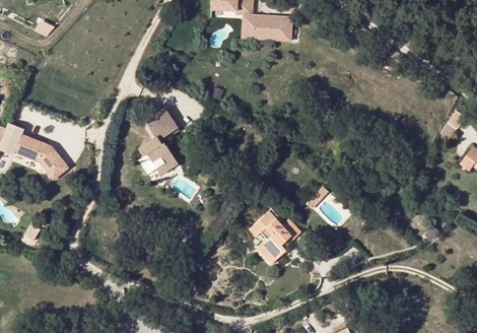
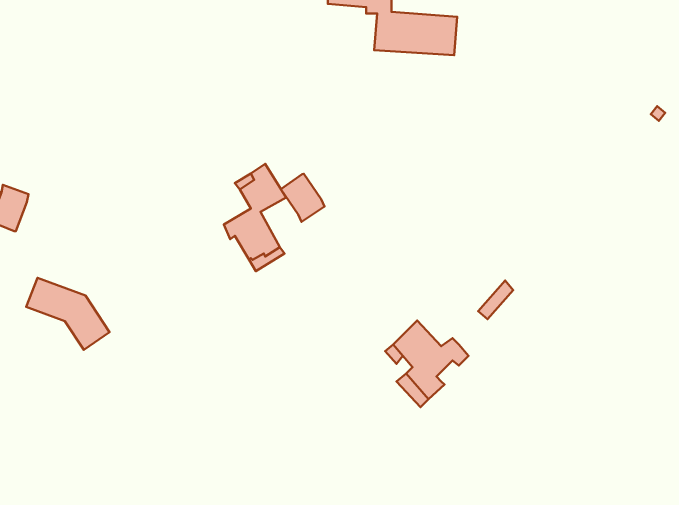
building: none -> [281,174,325,222]
building: [13,134,66,180] -> [26,278,109,350]

